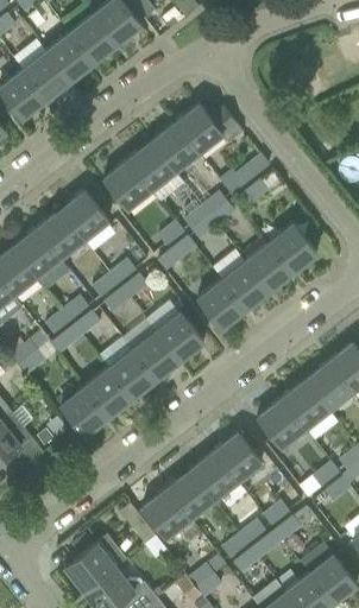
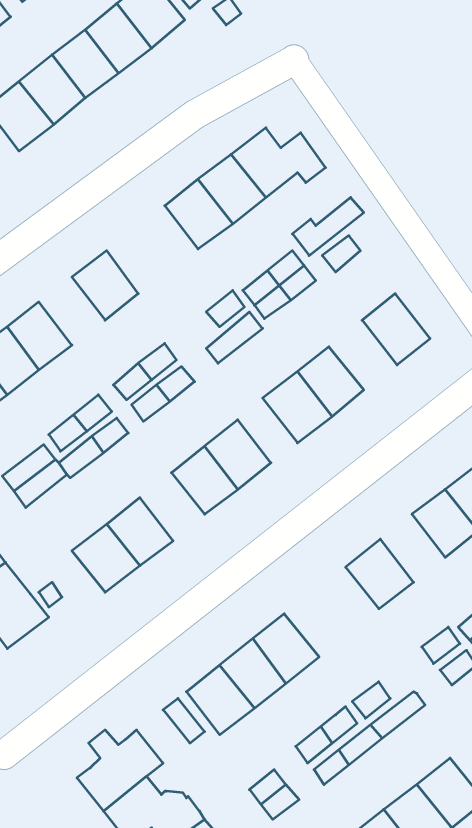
building: [103,159,151,209] -> none
building: [37,210,84,259] -> none
building: [245,241,294,291] -> none
building: [109,350,156,399] -> none
building: [282,380,328,429] -> none
building: [213,432,262,482] -> none

